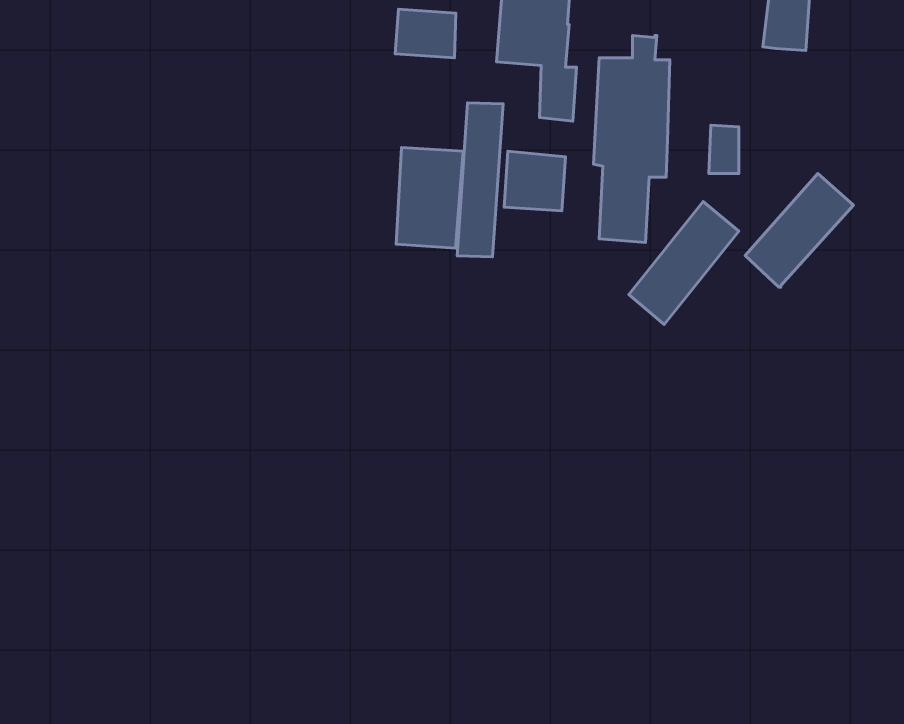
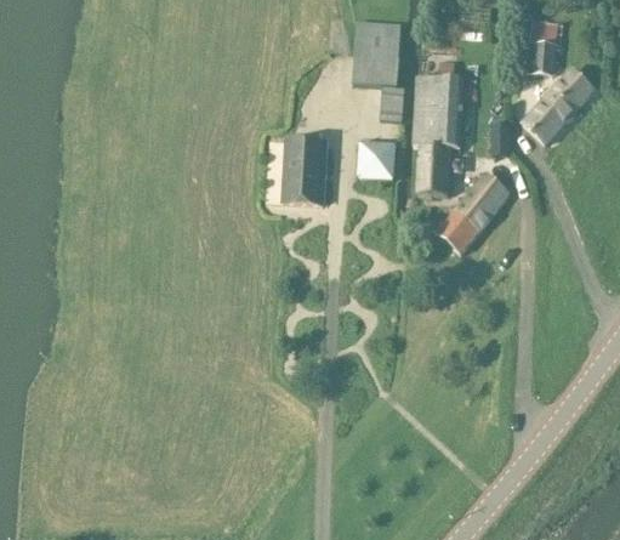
building: [395,9,456,58] -> none
building: [457,103,503,257] -> none
building: [745,174,853,287] -> [524,69,595,143]

